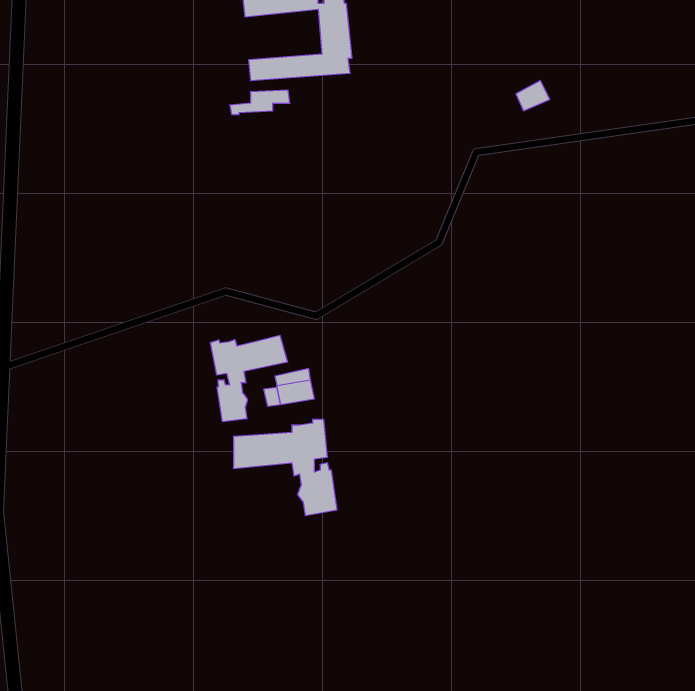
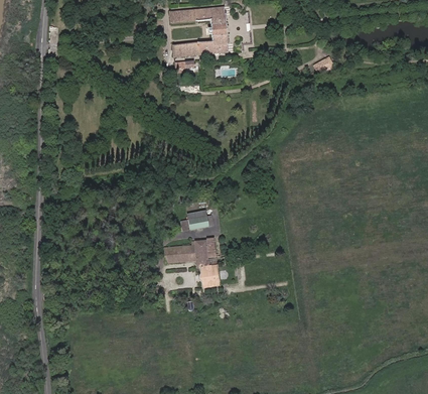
building: [210,335,288,422] -> none

